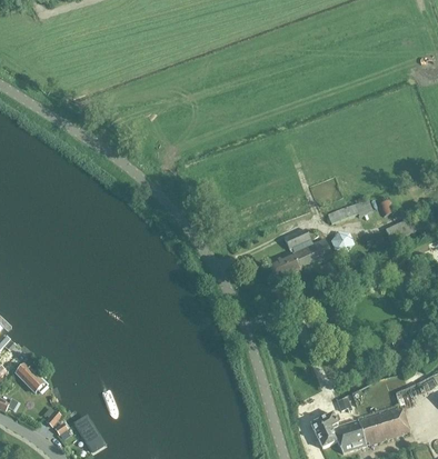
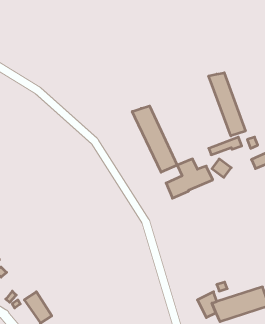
building: none -> [209,73,245,136]
building: none -> [132,106,177,172]

